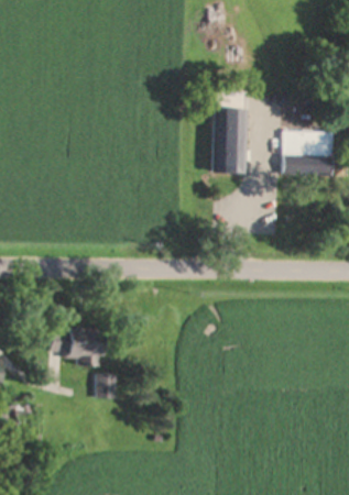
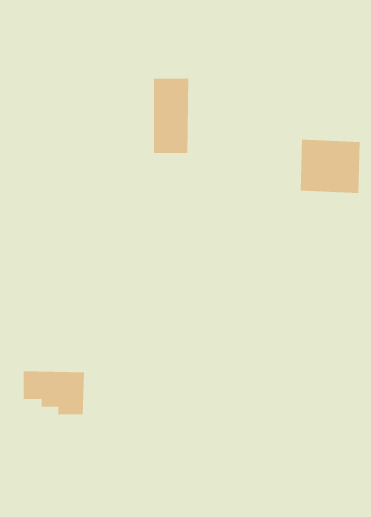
building: [217,110,248,174] -> [153,78,189,153]
building: [97,373,117,397] -> none

